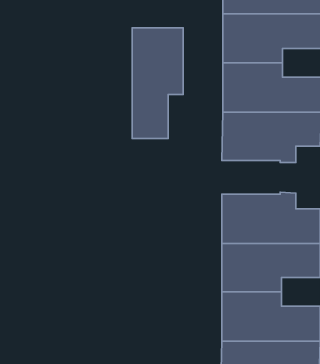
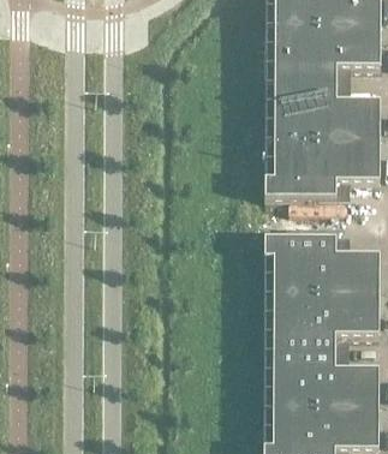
building: [132,28,183,138] -> none

